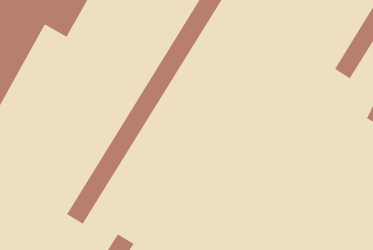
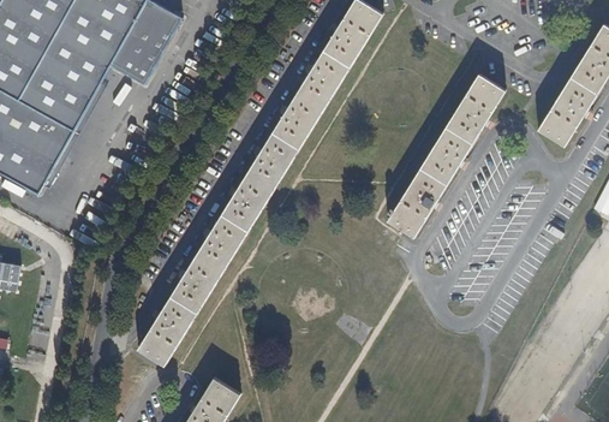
building: none -> [389,71,507,234]

